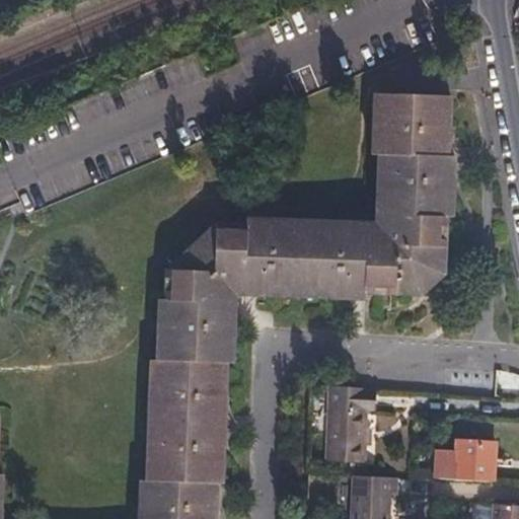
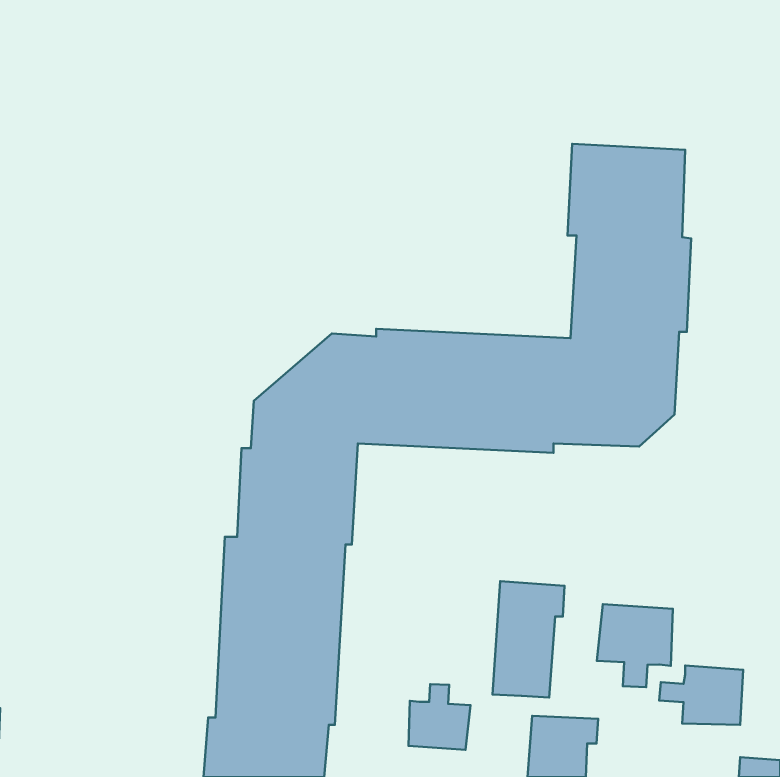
building: none -> [597,604,673,687]
building: none -> [408,684,470,750]

